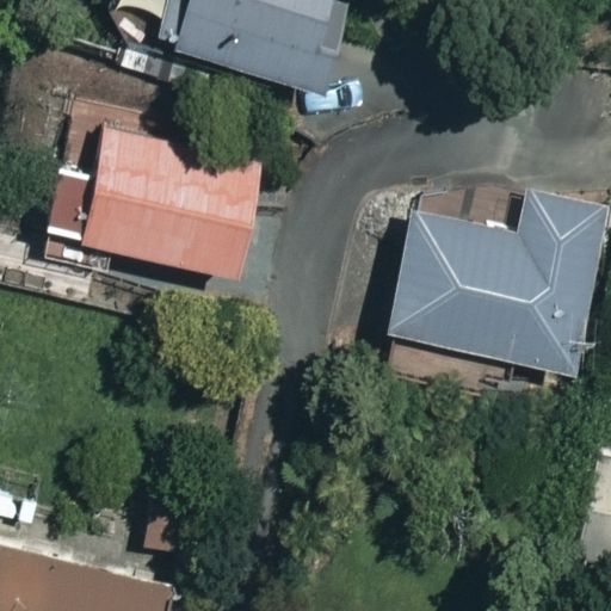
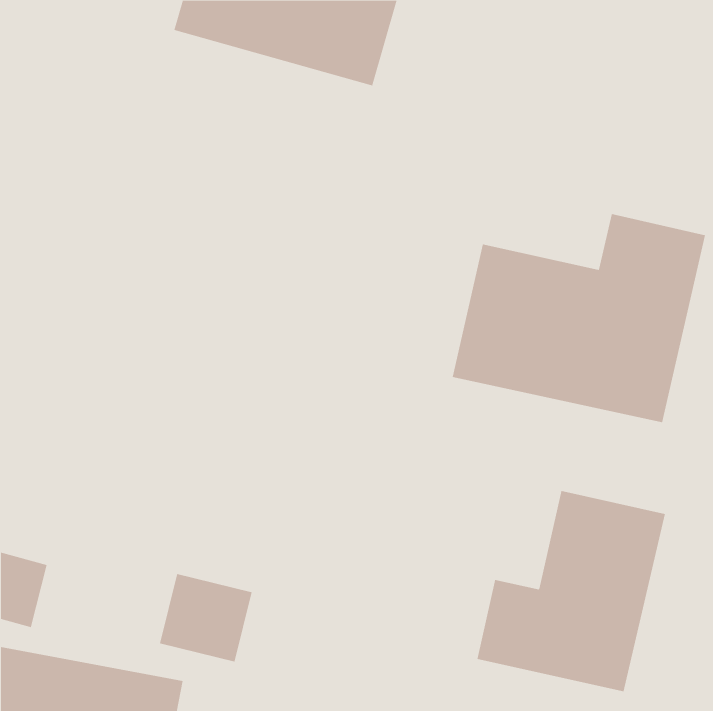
building: [43,112,251,277] -> none
building: none -> [477,490,666,692]

